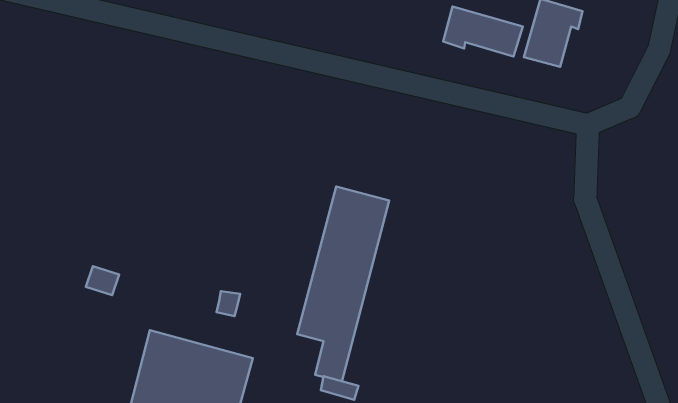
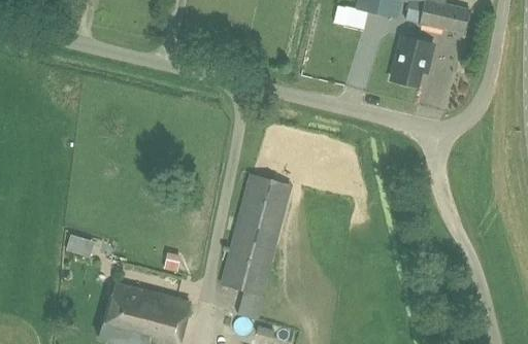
building: [443,6,523,56] -> none

